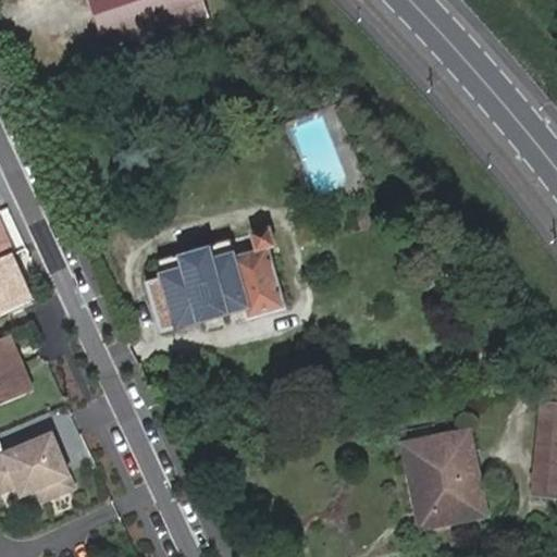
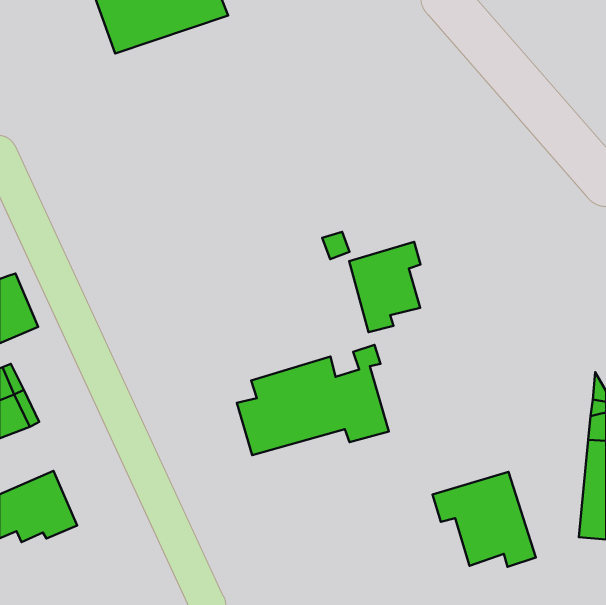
building: none -> [349,242,421,332]
building: [149,226,288,327] -> [237,345,389,455]
building: [404,474,465,533] -> none

